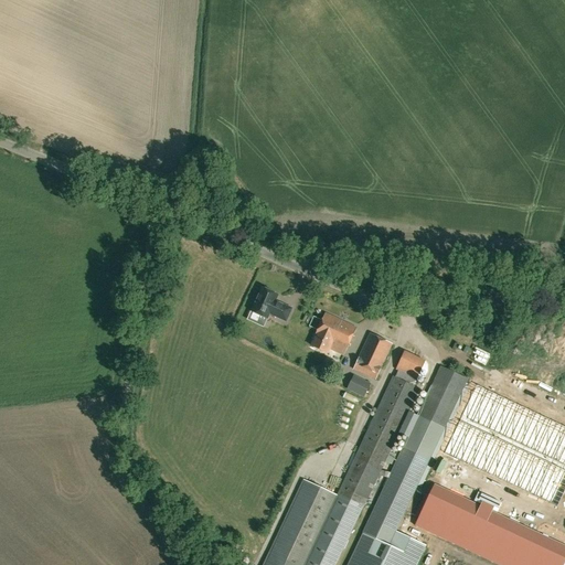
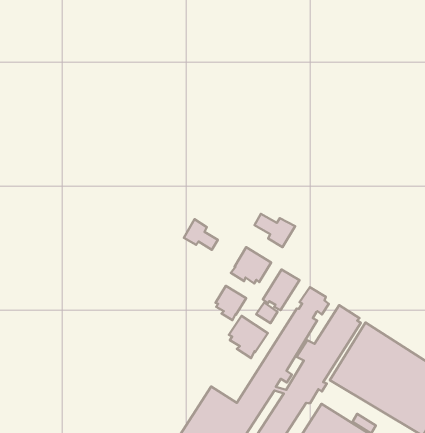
building: none -> [254,214,295,247]
building: none -> [216,286,246,320]
building: none -> [229,316,268,358]

